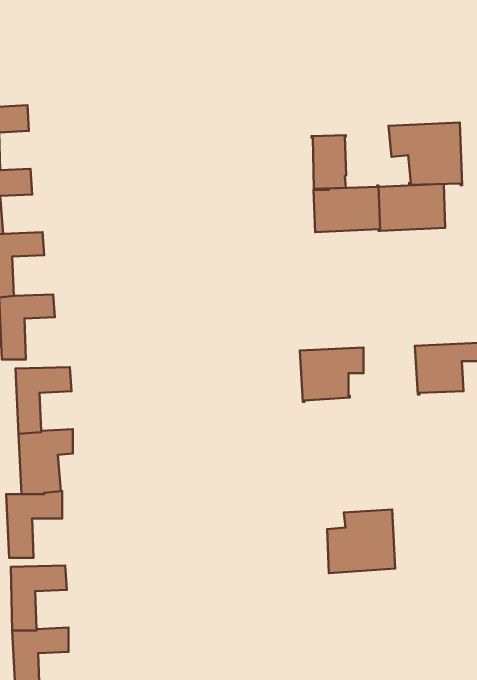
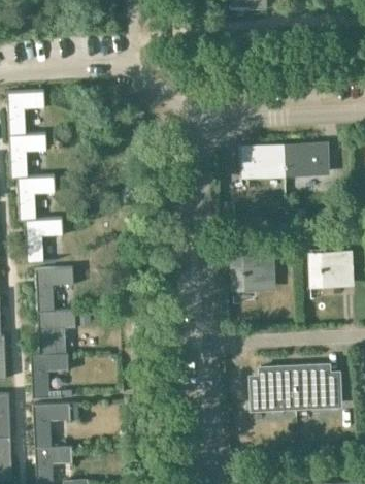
building: [389,122,462,185] -> none
building: [312,135,346,189] -> none
building: none -> [293,364,340,406]

